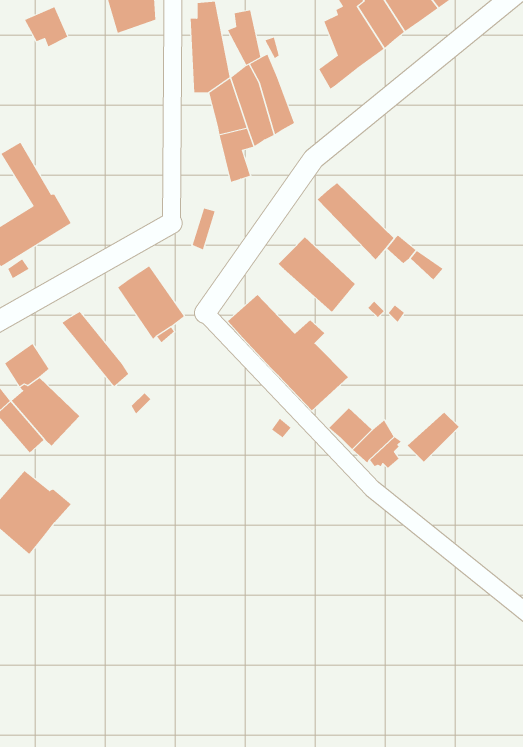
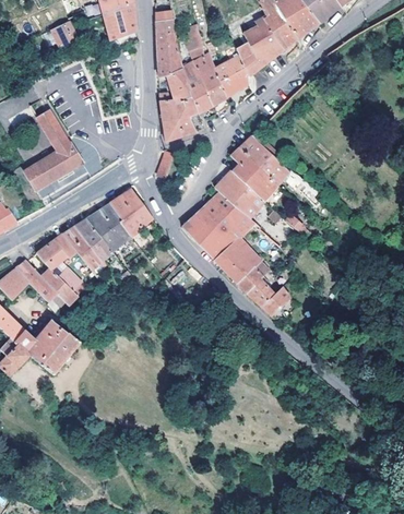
building: none -> [214,56,248,97]
building: none -> [161,92,183,141]
building: none -> [231,146,277,201]
building: none -> [201,191,254,232]
building: none -> [86,203,133,252]
building: none -> [56,226,108,277]
building: [407,412,459,462] -> [236,261,270,294]

